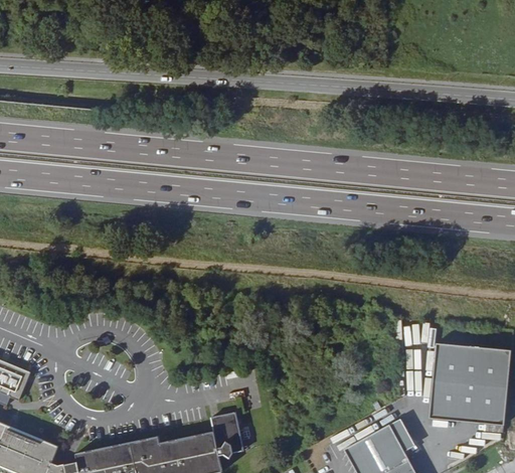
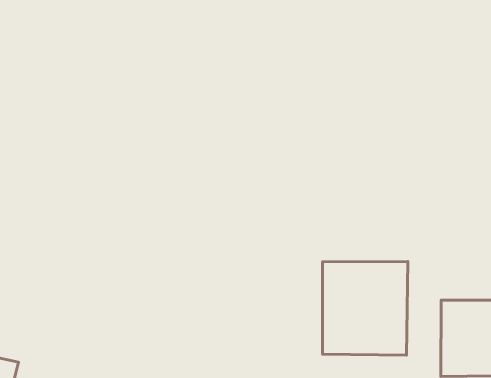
building: none -> [322,262,408,355]

